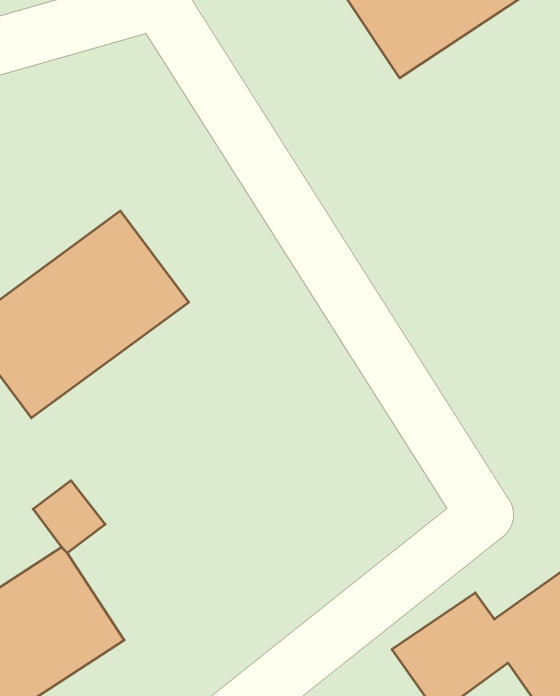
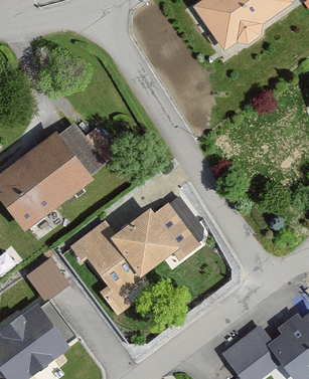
building: none -> [60,196,204,317]

